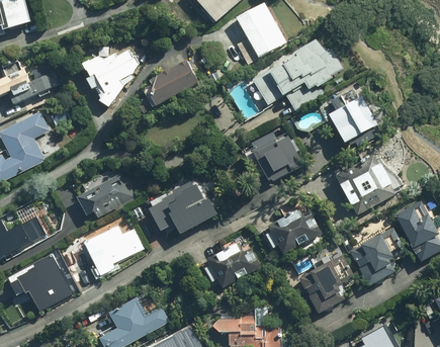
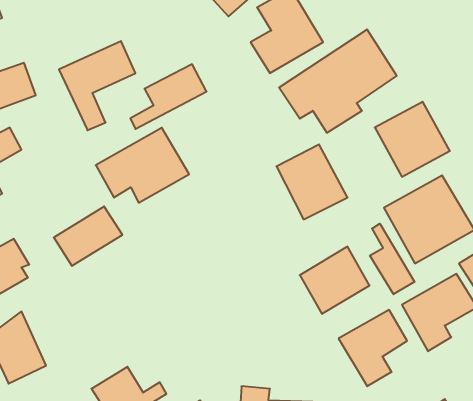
building: [150,176,223,235] -> [96,128,189,203]
building: none -> [370,224,415,294]
building: [82,226,145,277] -> none
building: [206,240,258,287] -> none

